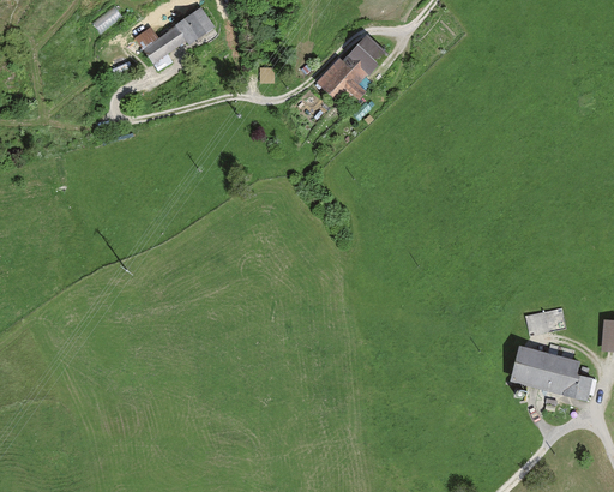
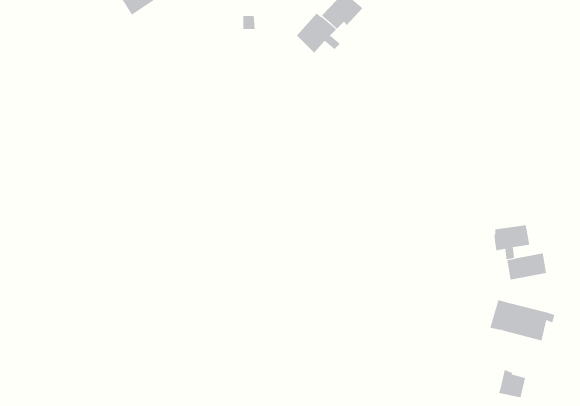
building: none -> [494,224,530,260]
building: [564,370,591,398] -> [498,369,526,398]

